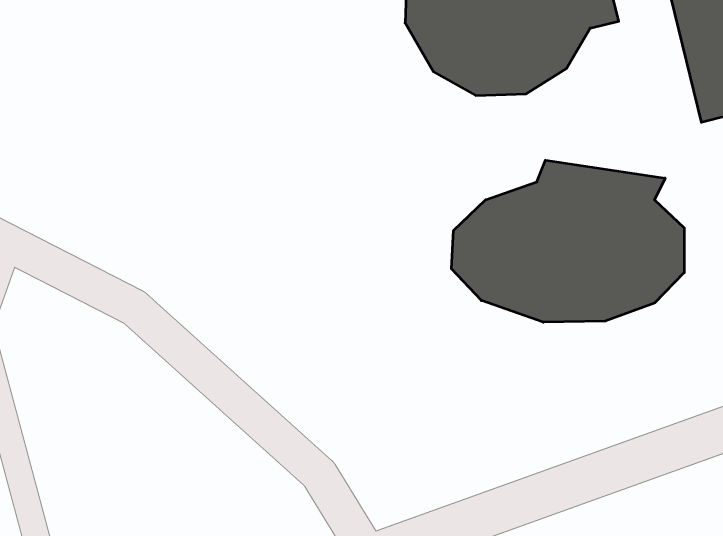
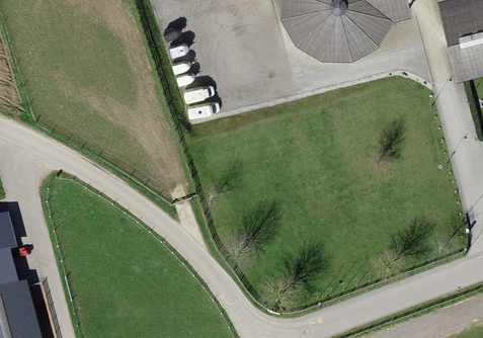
building: [451,160,684,322] -> none

